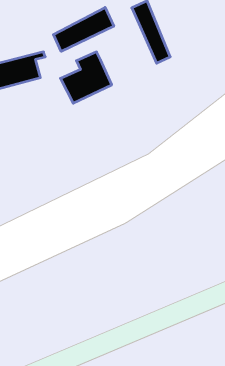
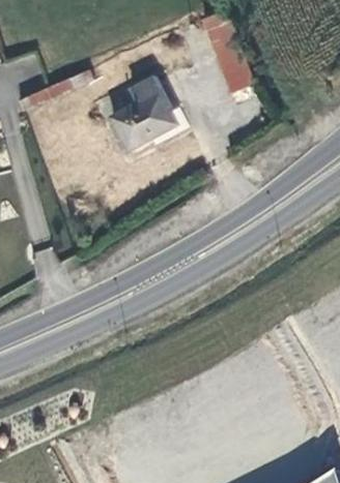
building: [53,7,114,51] -> none

